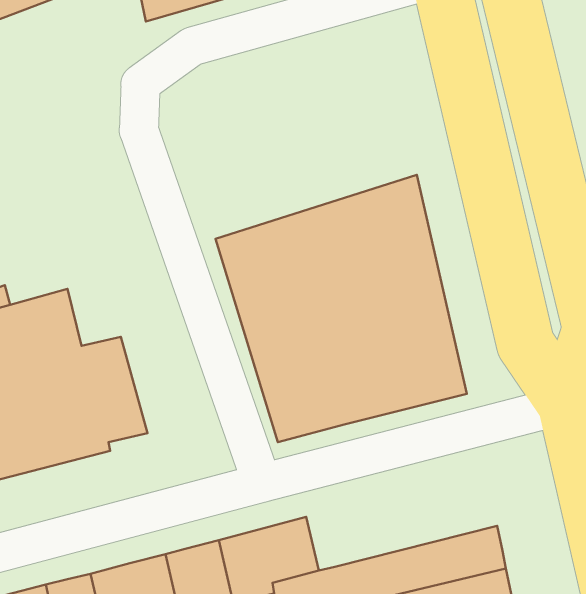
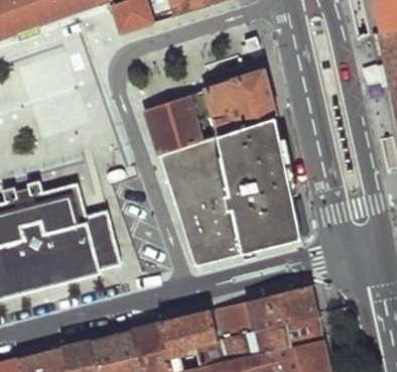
building: none -> [145,71,274,152]
building: none -> [219,283,319,338]

